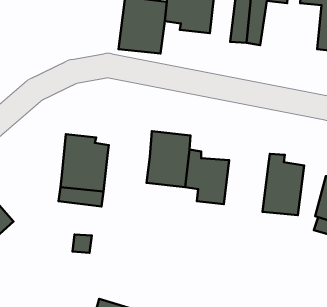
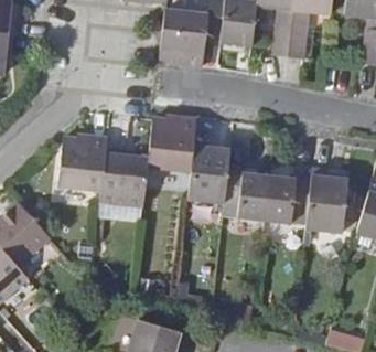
building: none -> [148,115,196,172]
building: none -> [60,136,106,191]
building: none -> [267,174,313,224]

